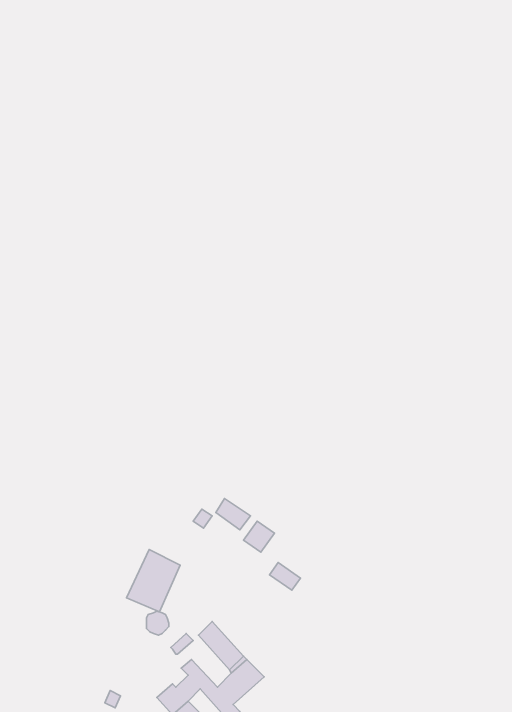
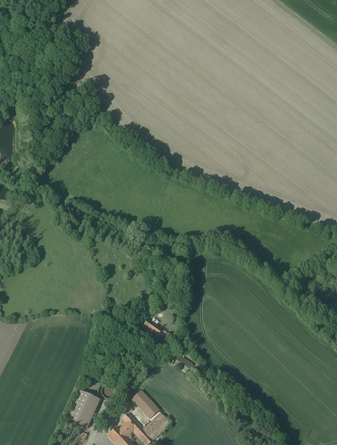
building: [127,549,180,612] -> [67,391,98,428]

